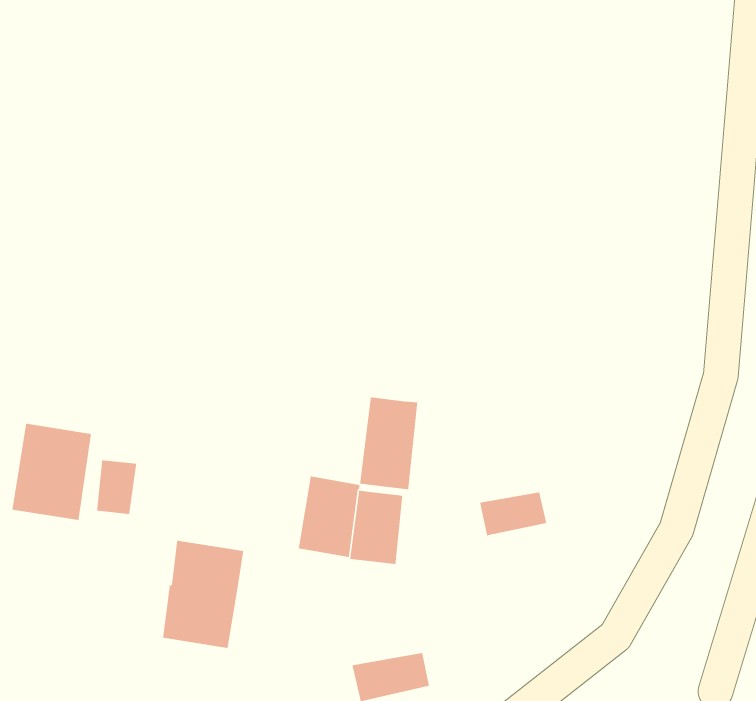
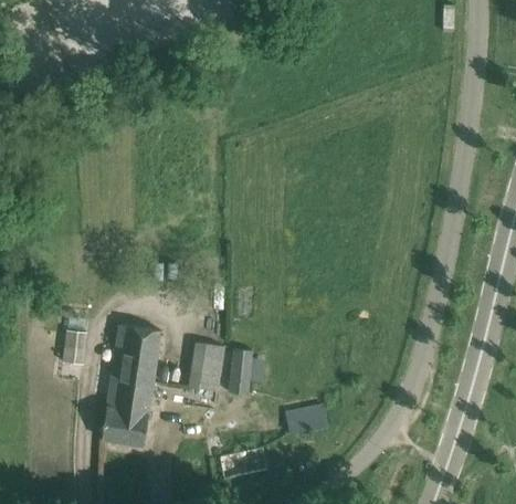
building: [359,397,418,490] -> none
building: [11,423,92,521] -> [112,325,161,386]
building: [479,491,547,536] -> [286,407,328,434]

